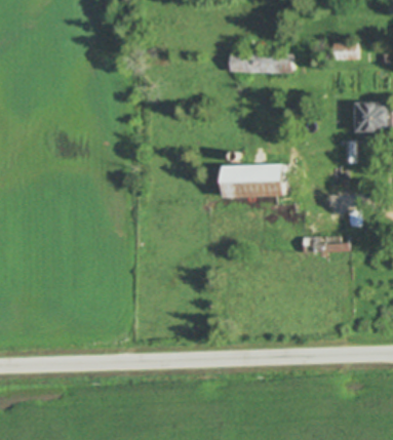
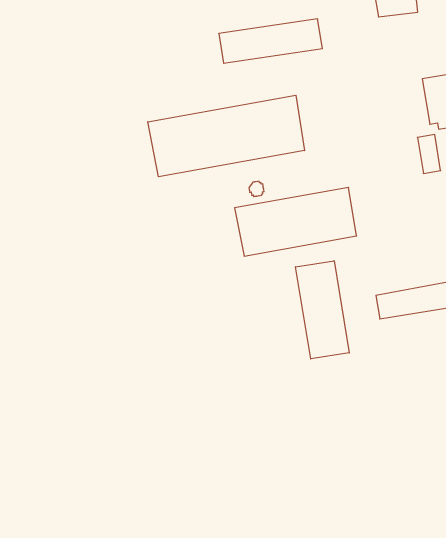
building: none -> [148,95,305,177]
building: none -> [296,261,349,359]

